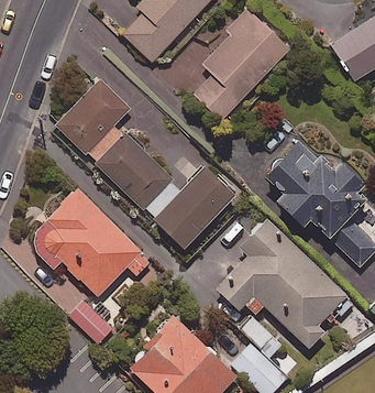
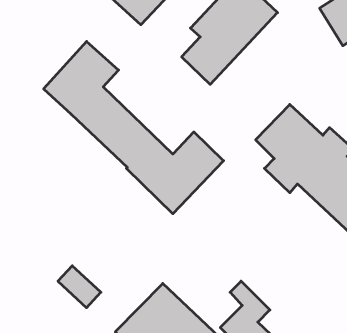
building: [33,189,151,297] -> none
building: [214,220,348,350] -> none

